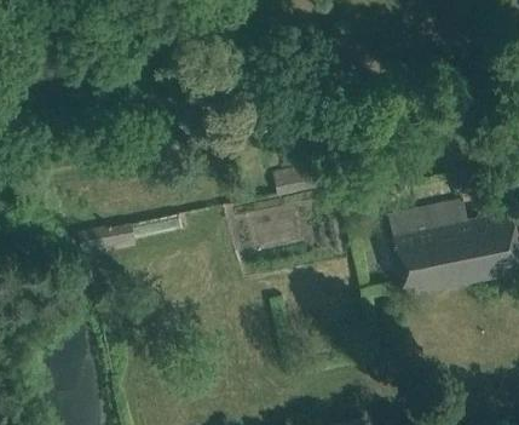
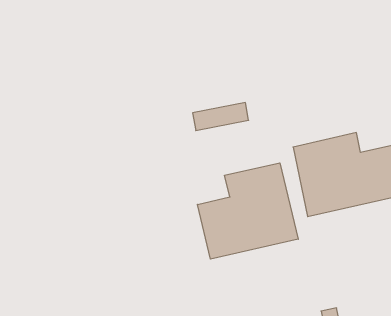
building: none -> [197,163,298,259]

